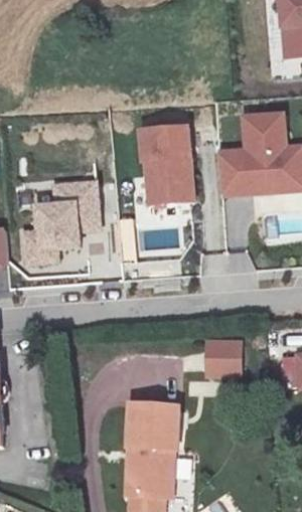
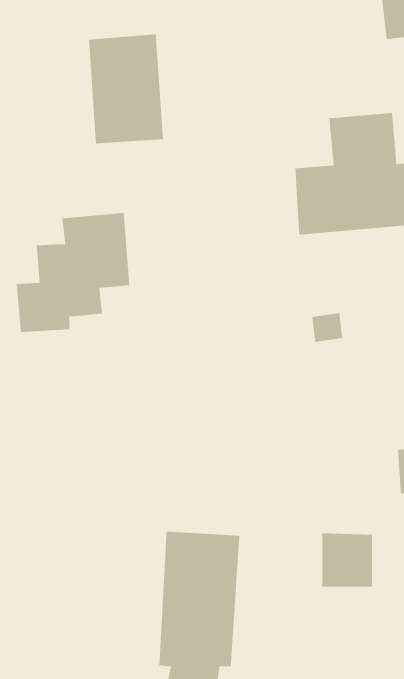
building: [141,127,194,204] -> [88,34,164,144]
building: [204,340,241,378] -> [321,533,373,587]

